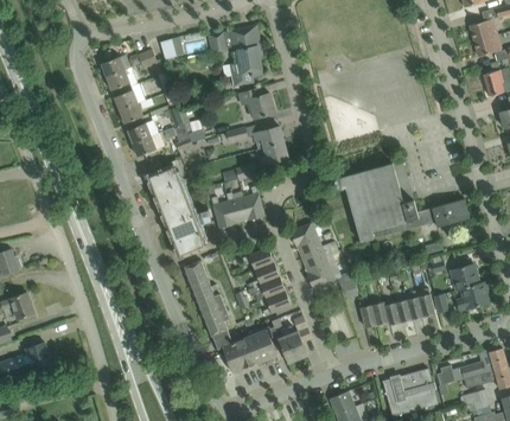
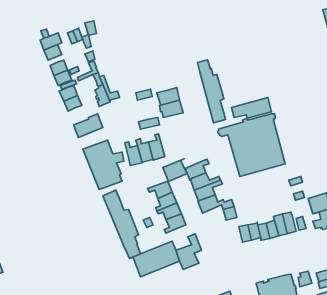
building: [208,26,262,78] -> none
building: [238,88,274,119] -> none
building: none -> [197,60,225,123]
building: [151,178,189,206] -> none
building: [416,199,468,227] -> [232,97,272,118]
building: none -> [163,159,187,181]

